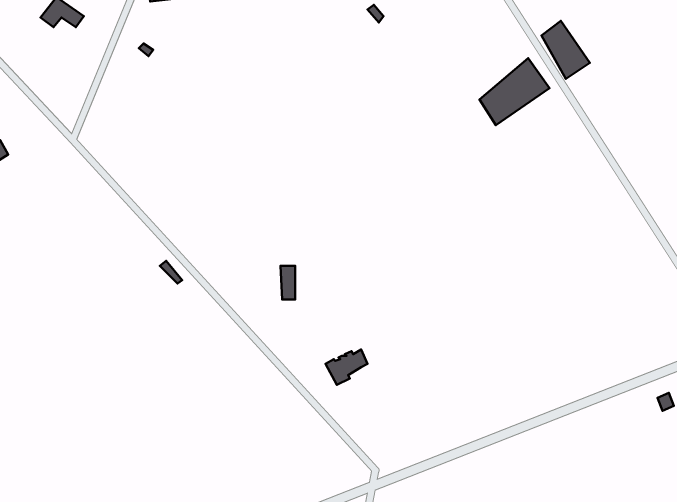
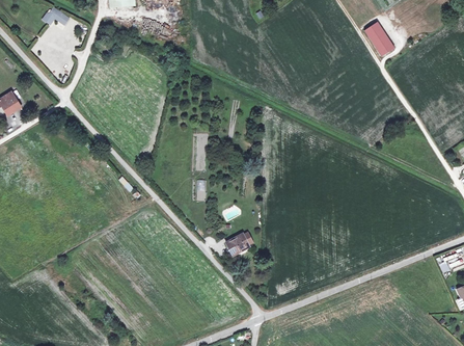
building: [479,58,549,125] -> none

